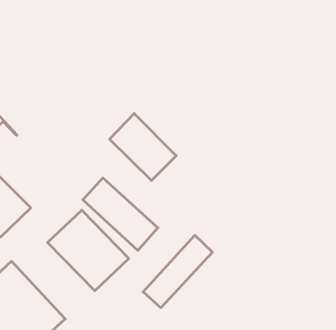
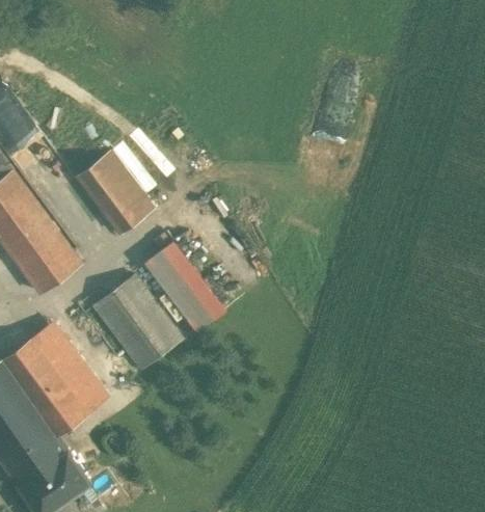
building: [110,113,176,181] -> [81,146,159,231]
building: [143,235,212,308] -> none

